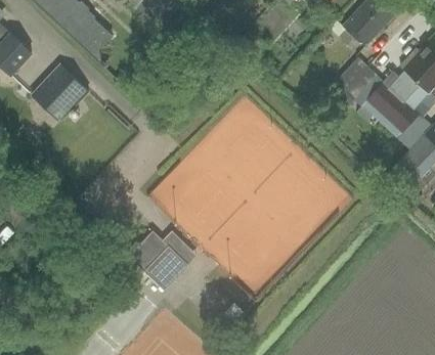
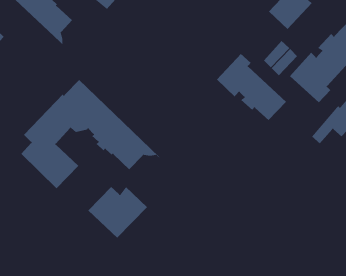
building: [32,64,89,122] -> none
building: none -> [216,53,287,121]
building: none -> [20,79,160,189]

